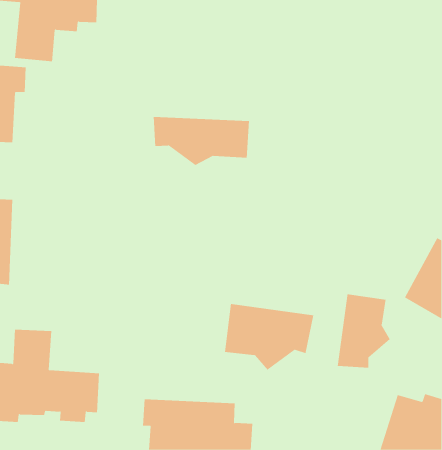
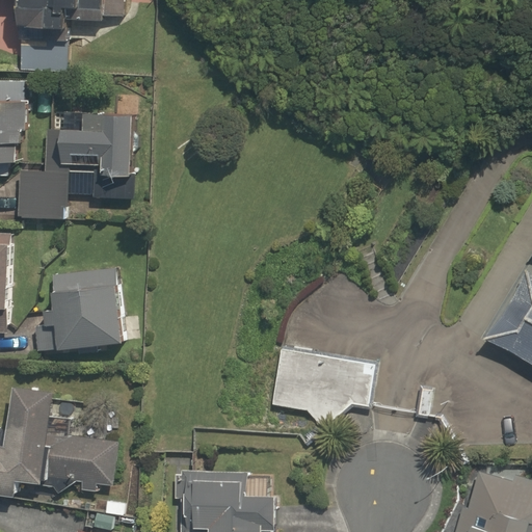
building: none -> [18,104,143,219]
building: [153,116,249,166] -> none
building: none -> [29,262,130,355]
building: [337,293,391,368] -> none

